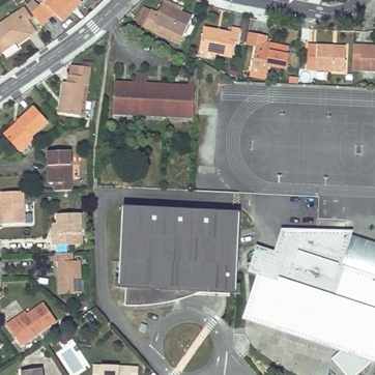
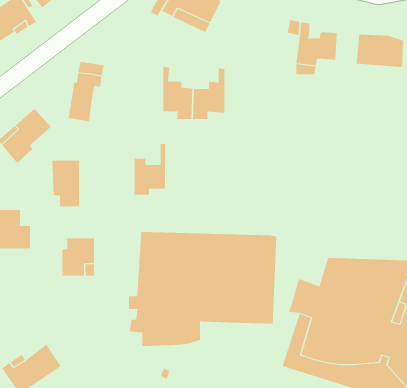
building: [198,27,239,55] -> none
building: [114,69,141,113] -> [134,143,166,195]
building: [55,251,81,292] -> none
building: [173,284,234,299] -> none

